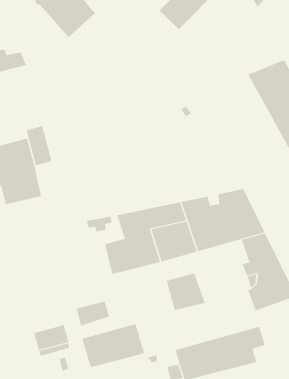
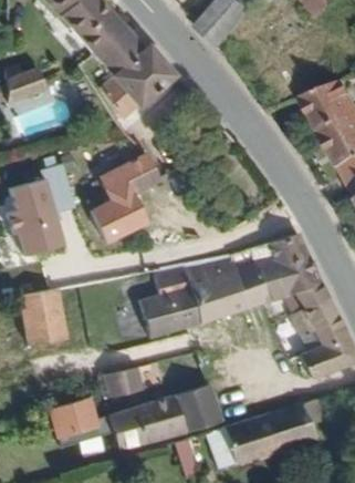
building: none -> [93,30,173,116]
building: none -> [87,153,158,243]
building: none -> [19,286,63,348]
building: [166,273,205,311] -> [173,386,219,430]

